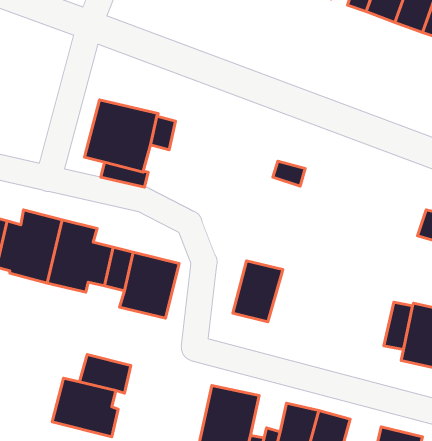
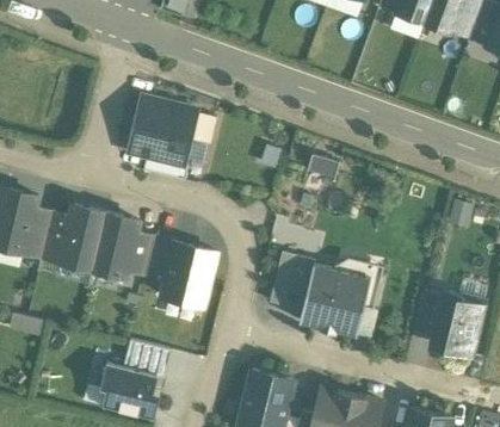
building: none -> [298,264,379,338]

